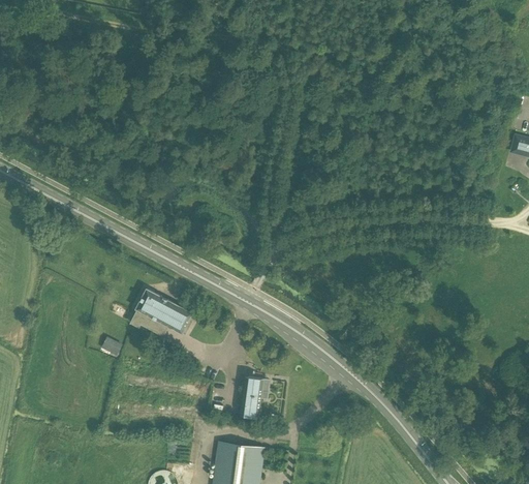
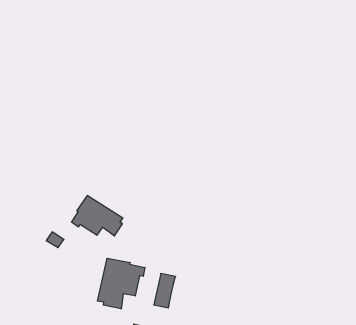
building: none -> [98,258,145,309]

